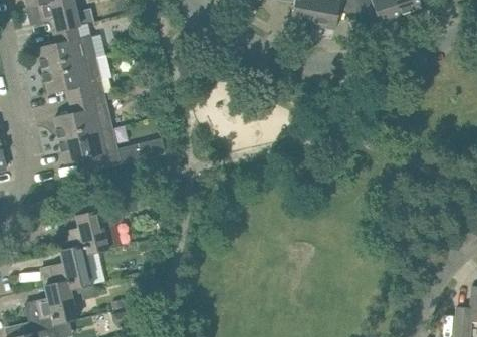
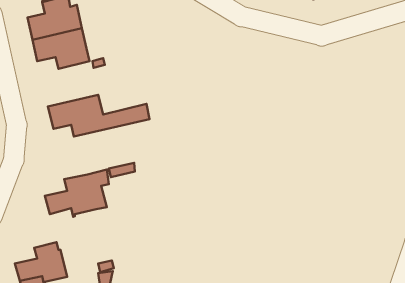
building: [54,93,111,140] -> none
building: [41,246,94,289] -> none

